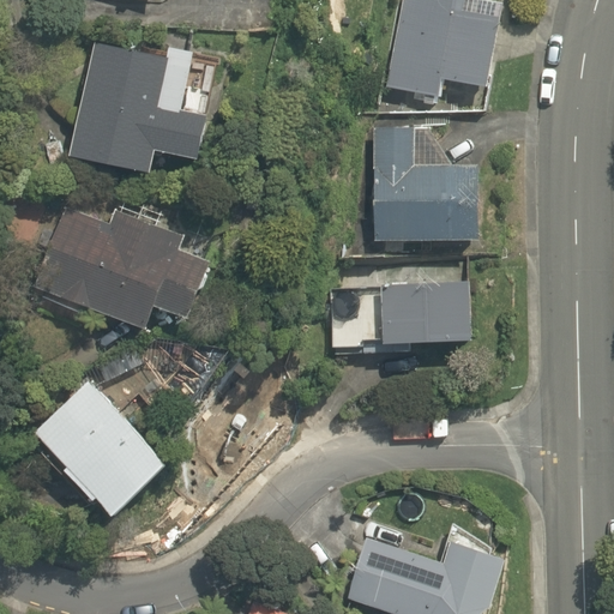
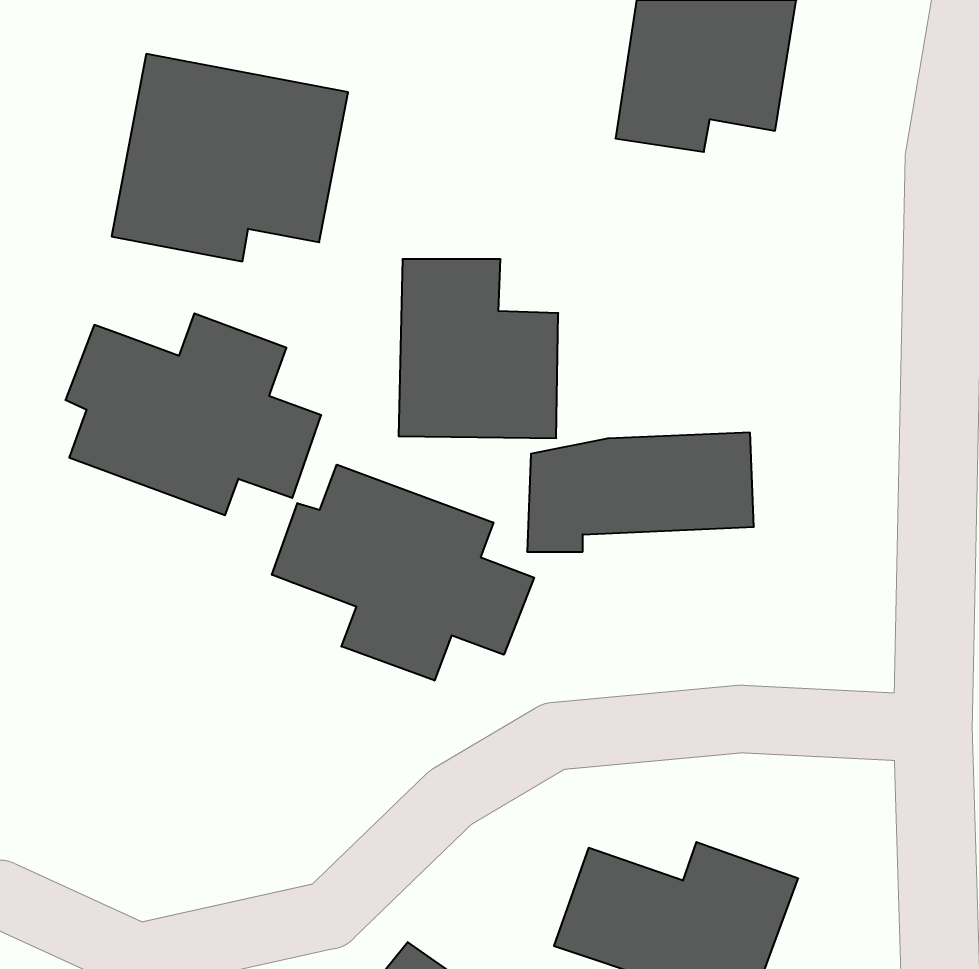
building: [373,132,472,243] -> [399,259,558,438]
building: none -> [272,465,534,681]
building: [30,379,164,517] -> none

